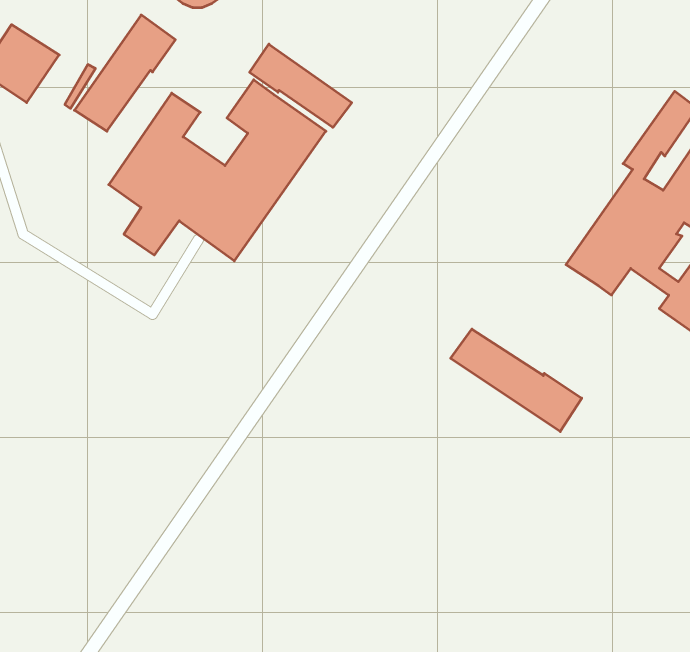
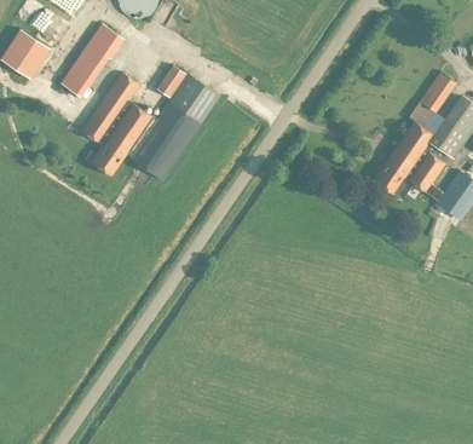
building: [250,44,352,127] -> none
building: [451,329,582,432] -> none

